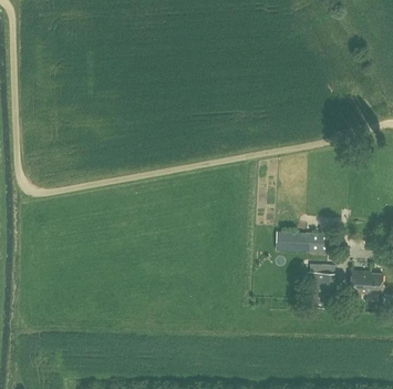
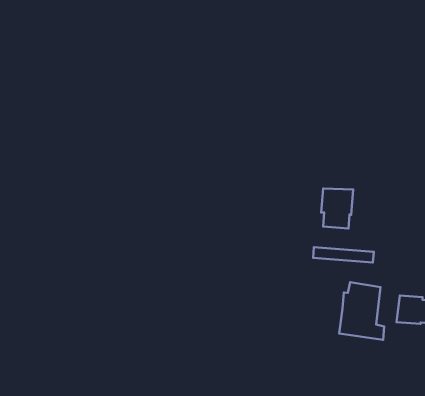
building: none -> [321,188,353,229]

